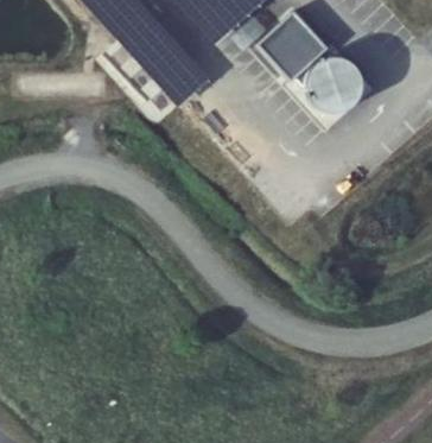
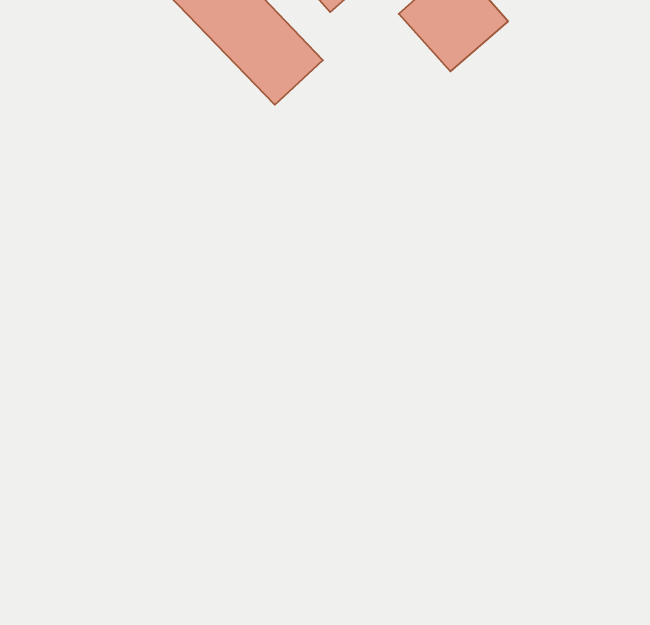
building: [311,59,358,107] -> none

